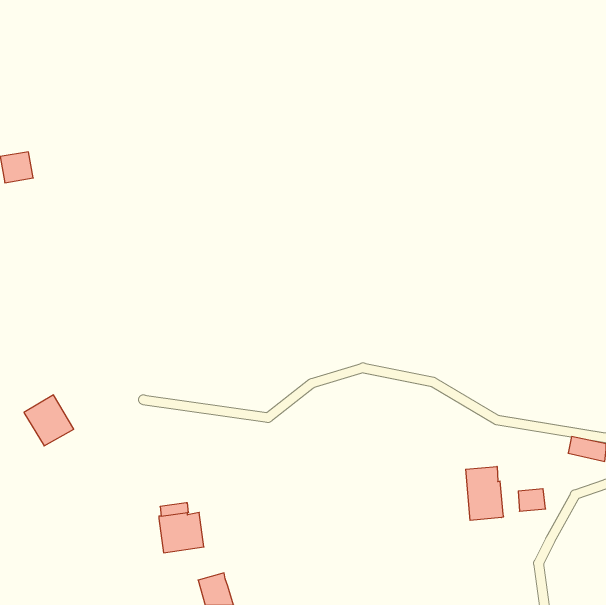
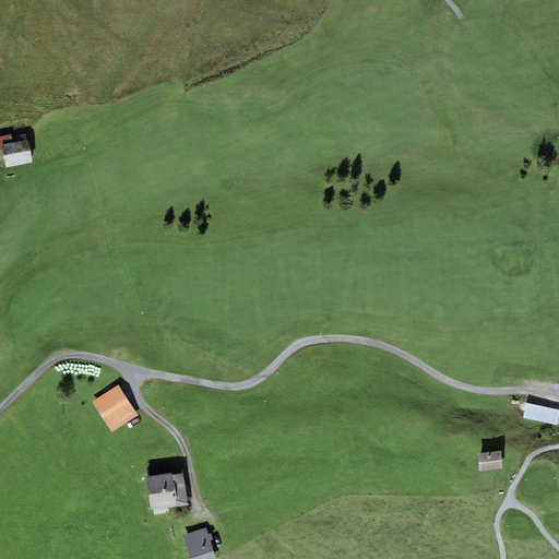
building: [24,395,74,446] -> [92,383,138,430]
building: [466,466,503,520] -> none

